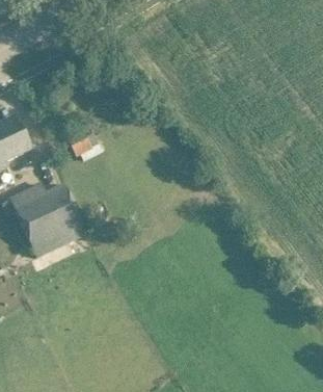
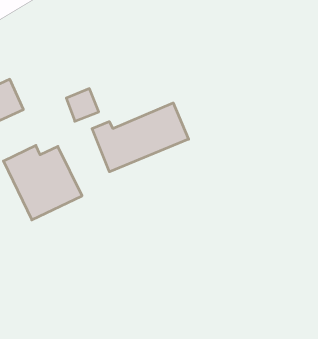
building: none -> [92,103,189,172]

